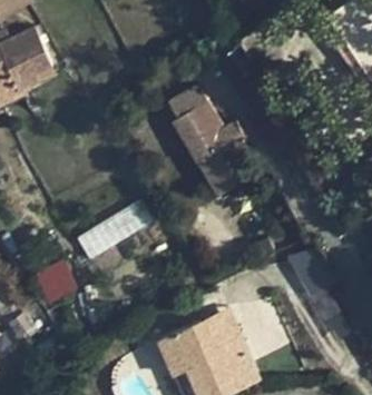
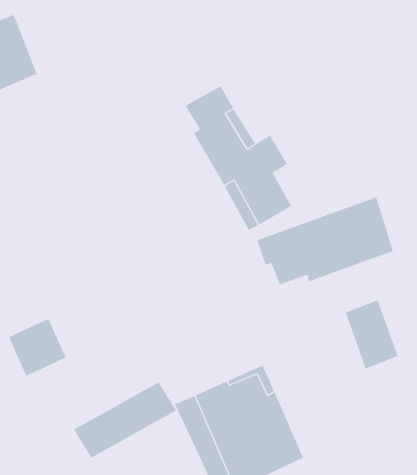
building: none -> [257,197,394,285]
building: [72,204,151,263] -> [73,381,177,459]

